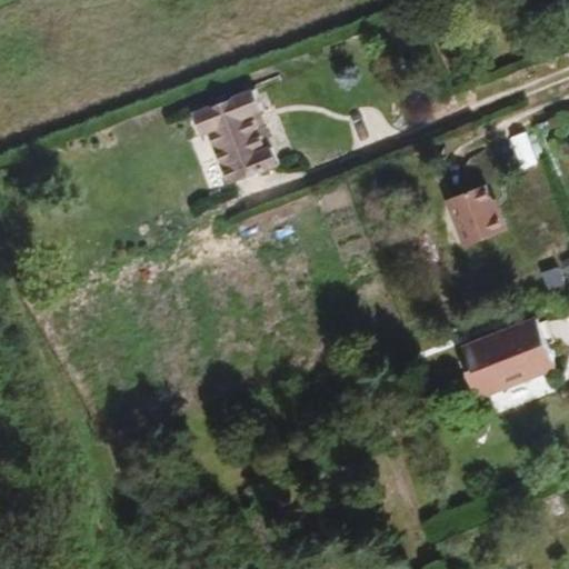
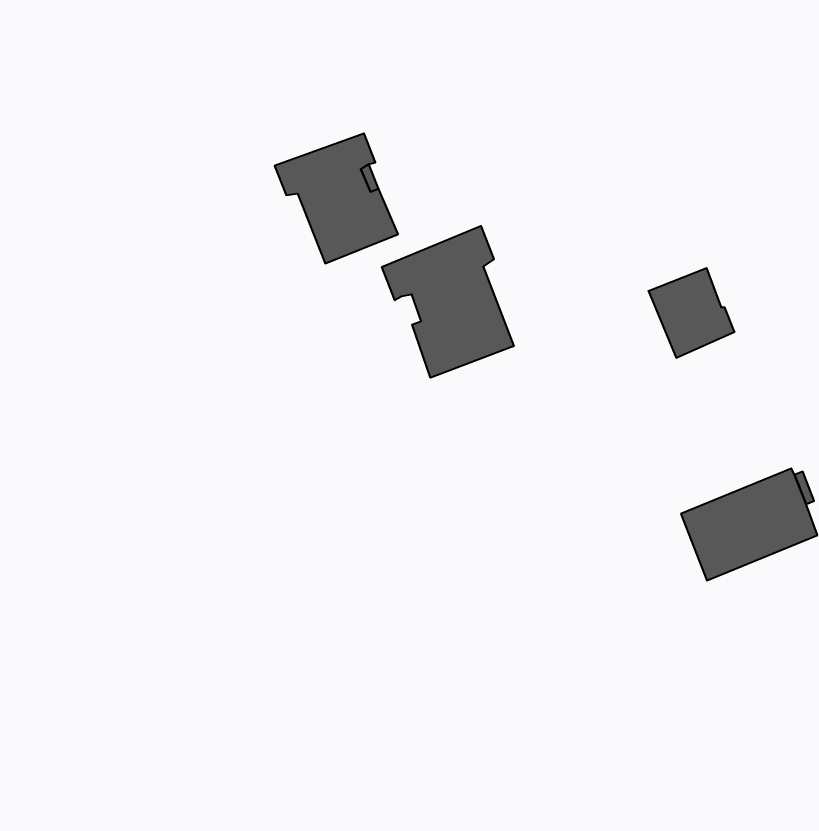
building: none -> [382,226,514,378]

